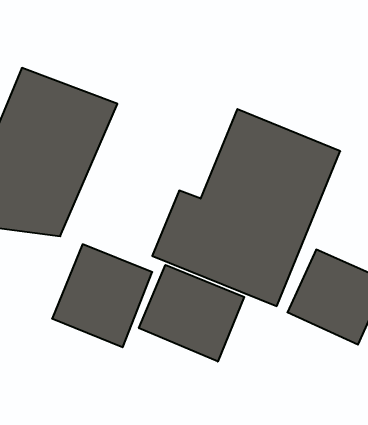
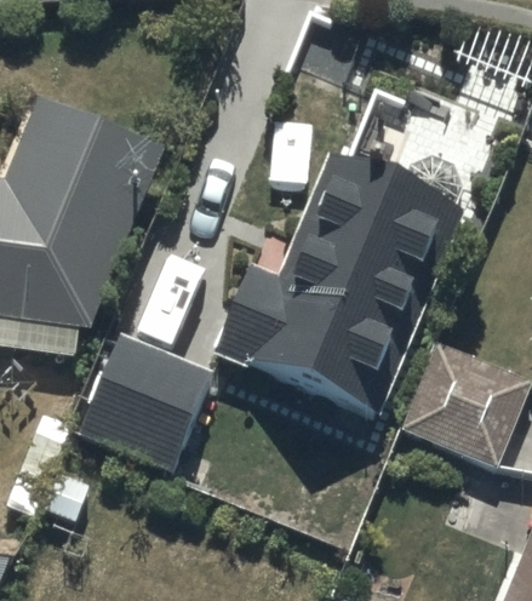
building: [139,265,244,362] -> none

